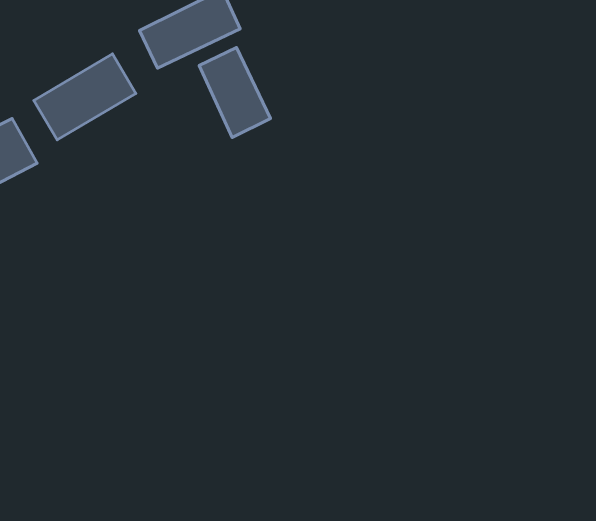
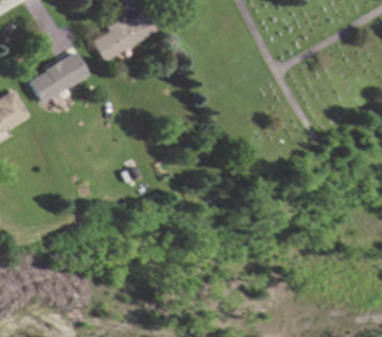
building: [199,48,270,138] -> none

